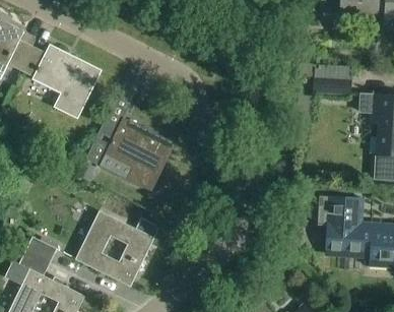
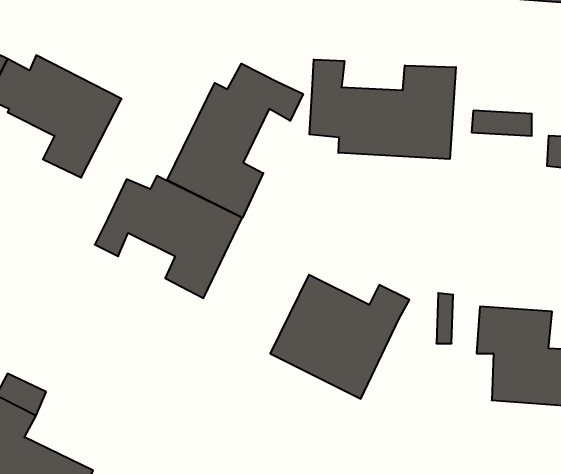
building: none -> [309,59,456,159]
building: none -> [167,64,303,218]
building: [75,210,159,286] -> [270,275,409,399]

